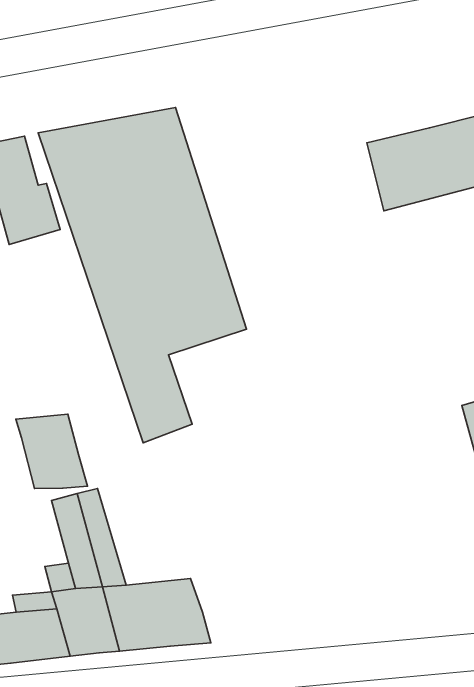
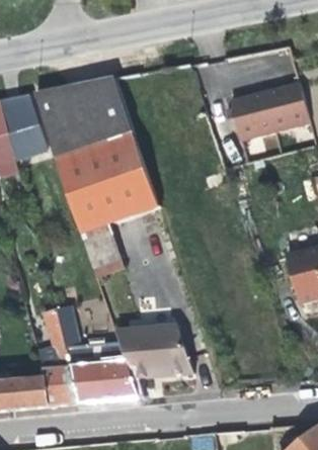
building: [16,414,87,489] -> none
building: none -> [115,324,191,378]

